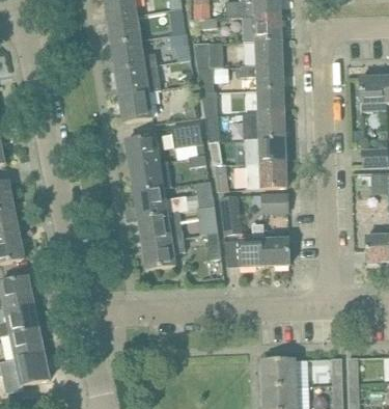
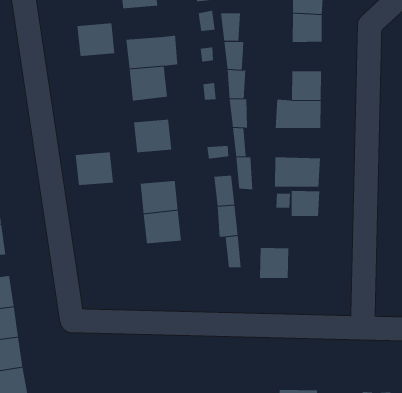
building: [111,40,145,71] -> [77,23,115,57]
building: [243,63,283,89] -> none
building: [173,121,204,146] -> none
building: [246,137,286,163] -> none
building: [130,162,164,192] -> [75,152,114,186]
building: [222,195,243,235] -> none
building: [142,237,185,270] -> none
building: [263,239,289,266] -> none

